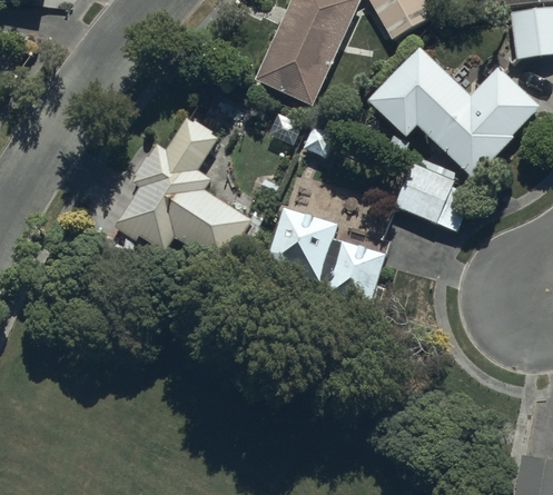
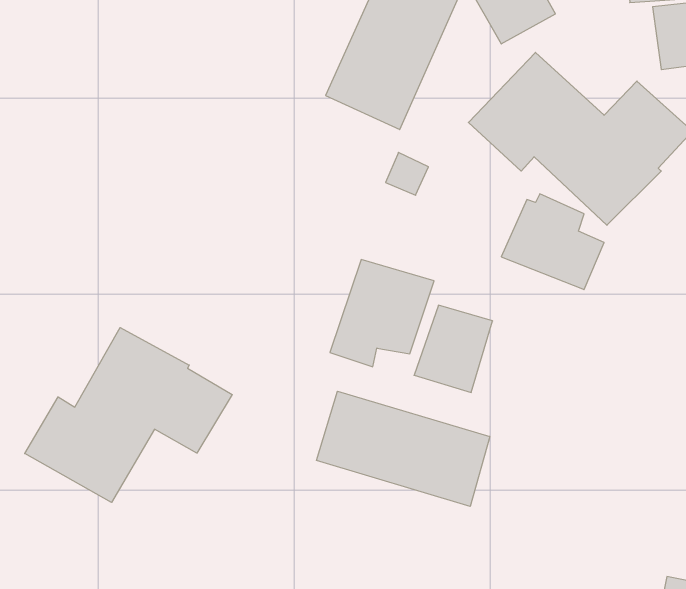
building: [113,117,251,267] -> none
building: none -> [25,328,232,502]
building: none -> [317,391,490,506]

